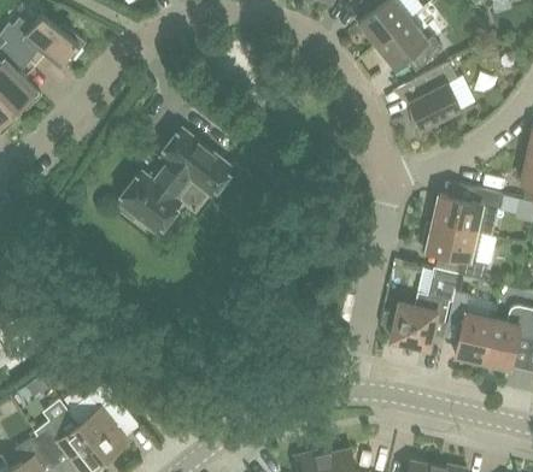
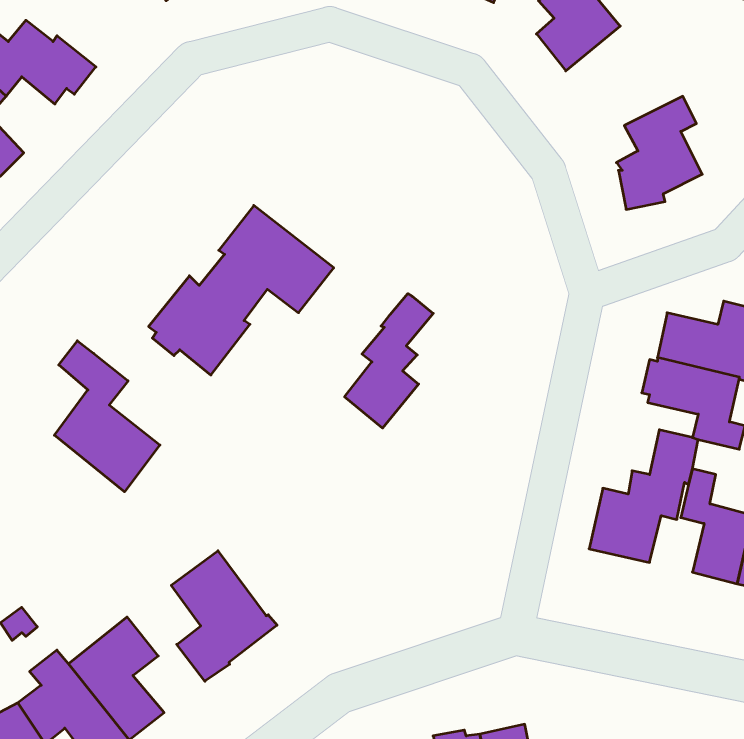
building: [375,17,441,70] -> none
building: none -> [345,294,433,428]
building: none -> [54,341,160,492]
building: none -> [171,551,277,681]

